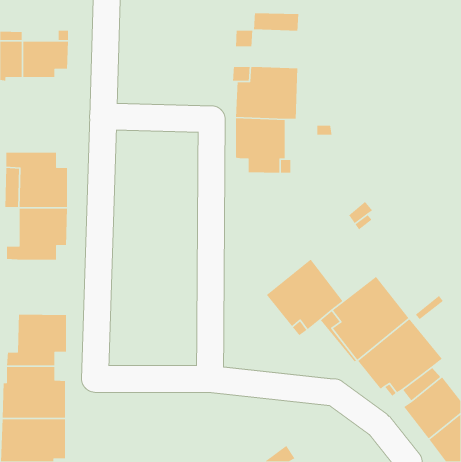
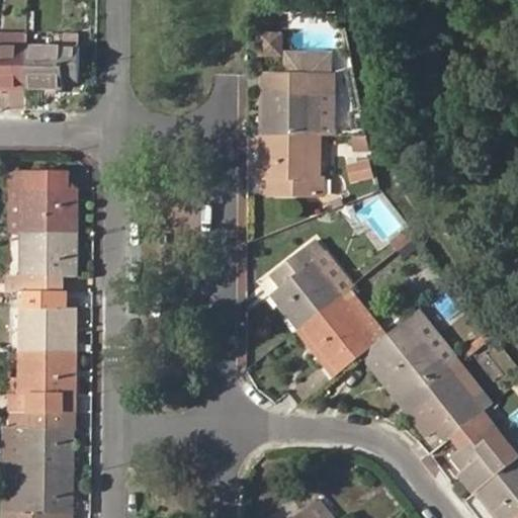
building: [253,13,299,32] -> [283,55,335,76]
building: none -> [270,240,354,330]
building: none -> [20,291,76,352]

